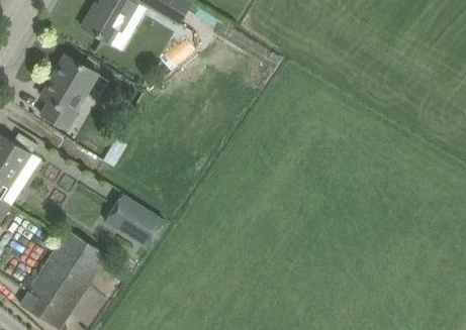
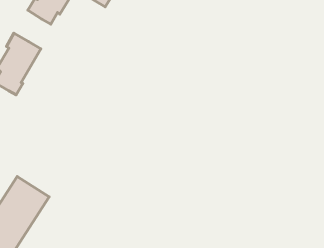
building: [104,193,165,248] -> none

